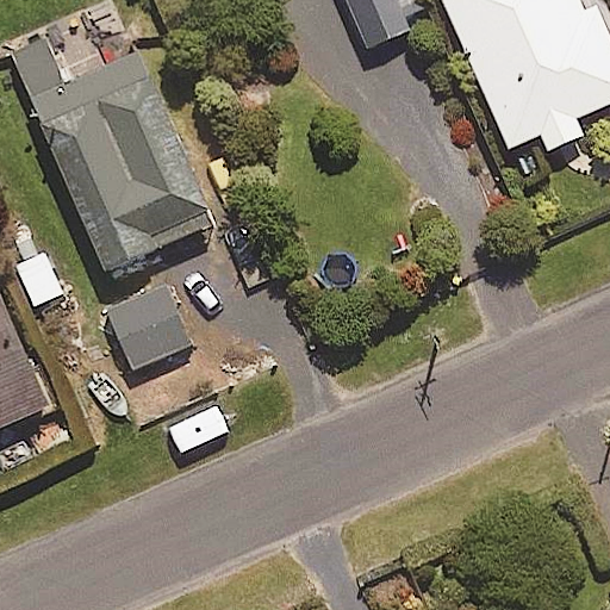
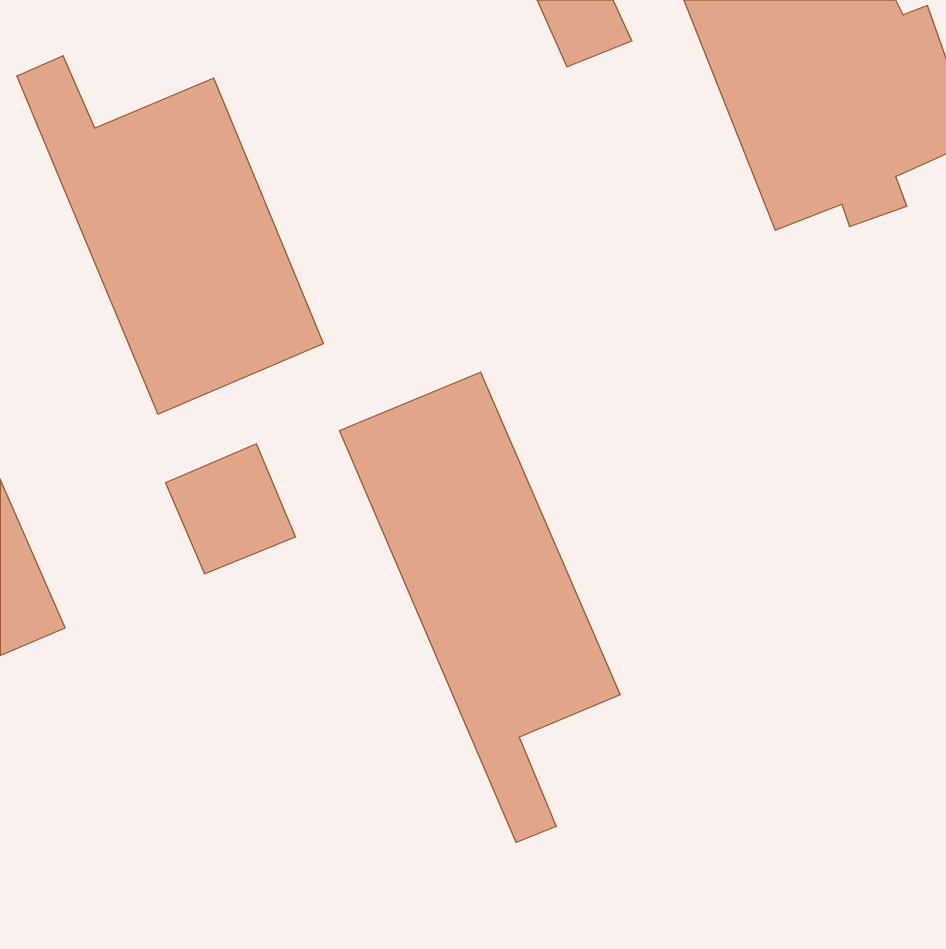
building: none -> [339,372,620,842]

